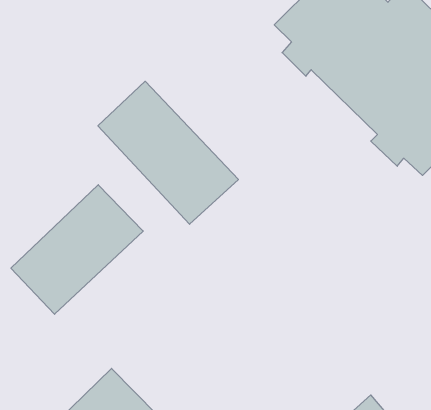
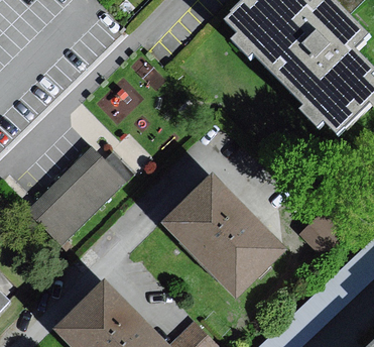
building: [98,81,238,224] -> none
building: none -> [164,179,285,300]

